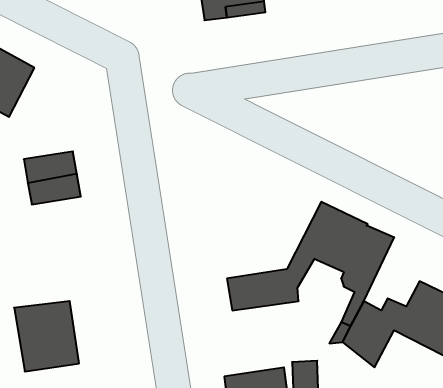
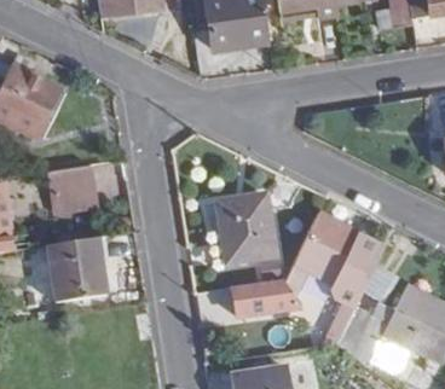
building: none -> [216,194,276,263]
building: [14,301,79,371] -> [47,238,106,302]

